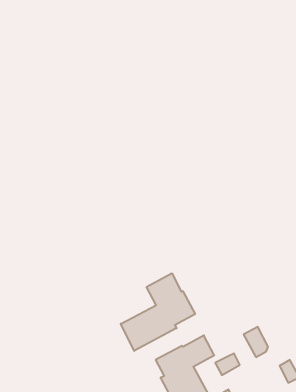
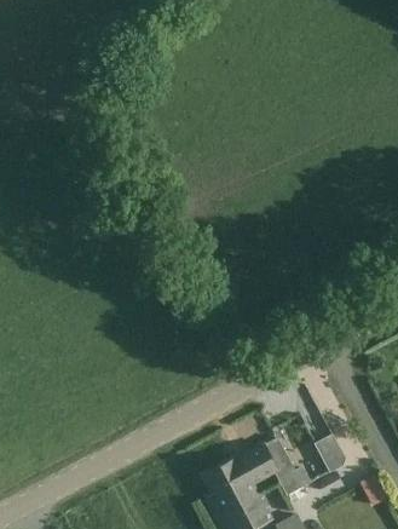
building: [121,273,195,351] -> none

